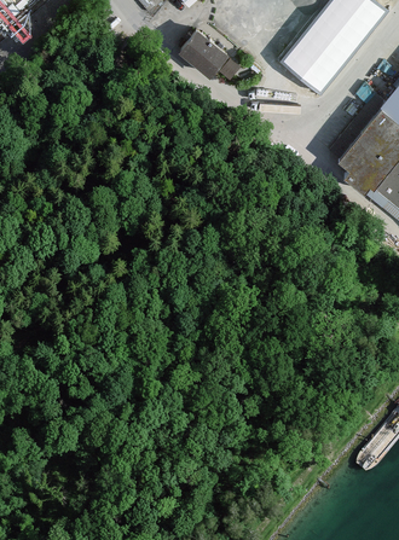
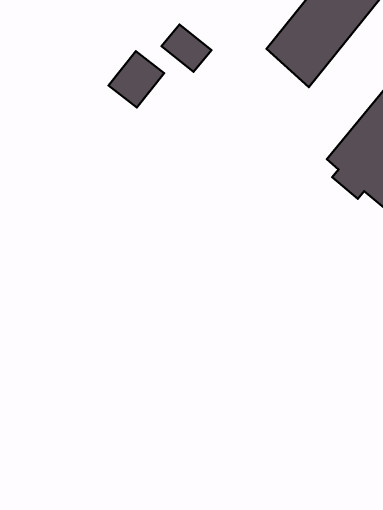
building: none -> [109,51,164,108]

